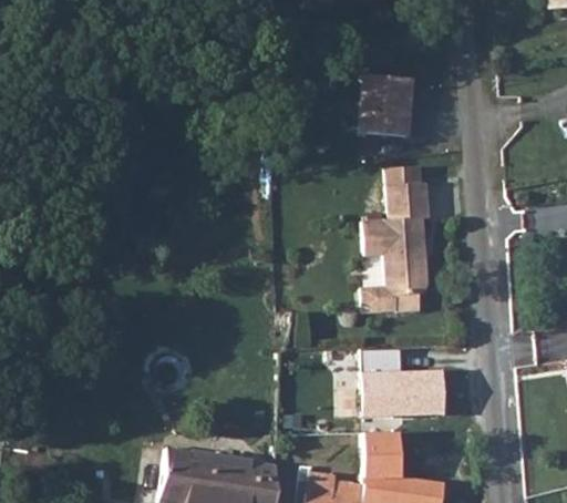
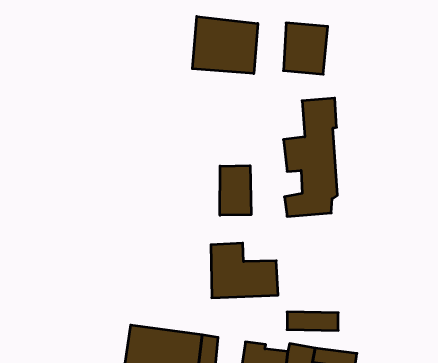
building: none -> [192,16,258,74]
building: none -> [220,166,251,215]
building: [359,350,443,419] -> [211,243,278,298]

